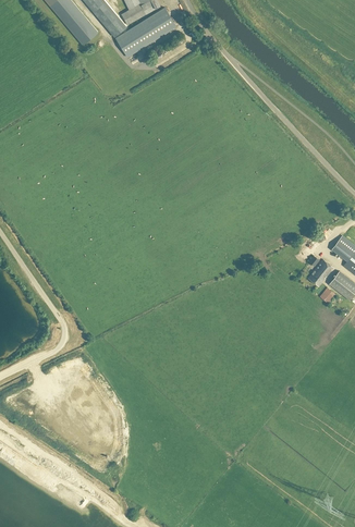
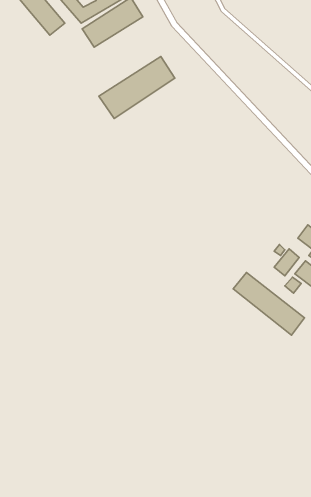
building: none -> [99,56,175,119]
building: none -> [233,272,304,335]

